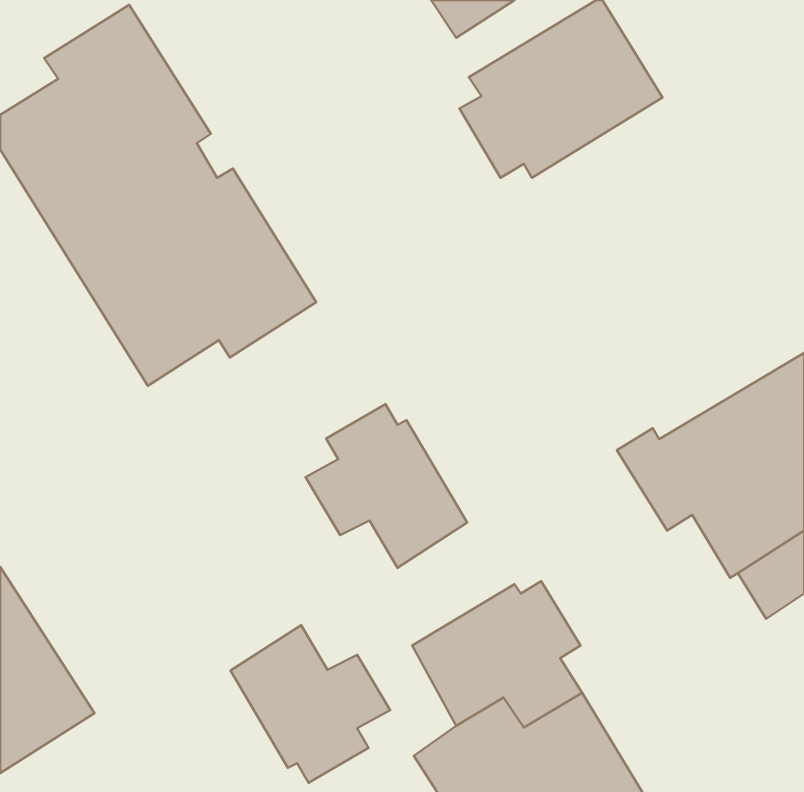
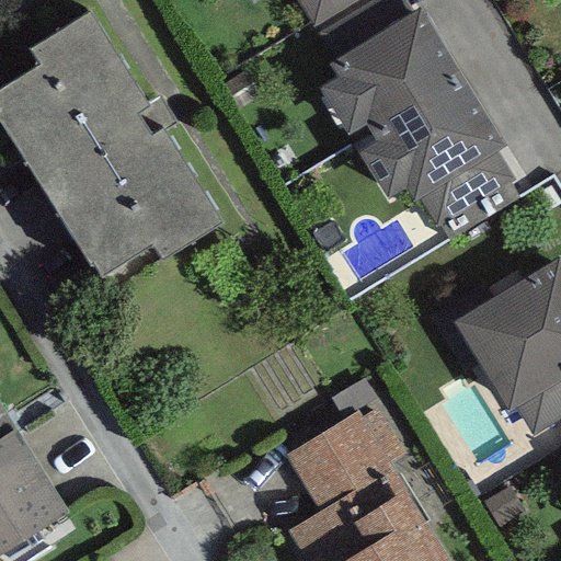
building: none -> [357,77,513,231]
building: [306,404,467,568] -> none
building: [231,625,390,783] -> none

